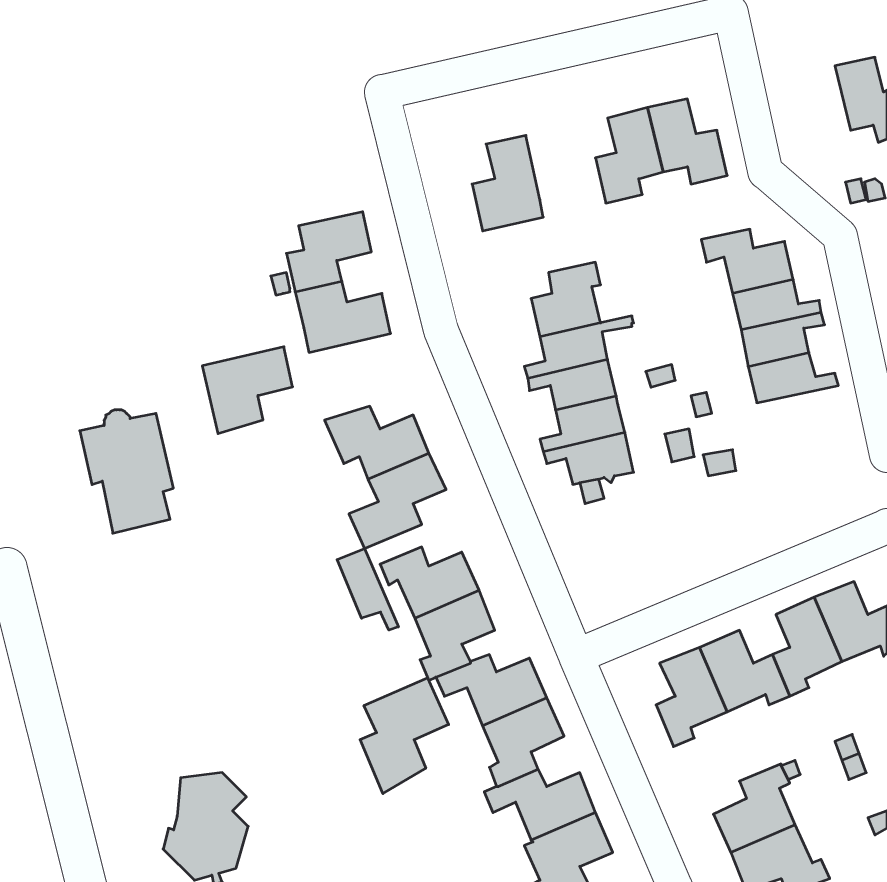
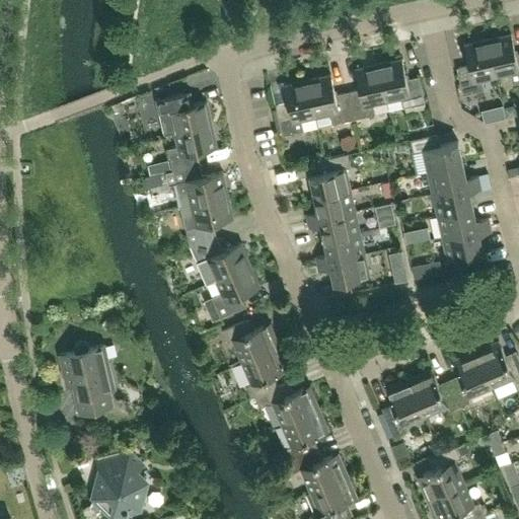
building: none -> [457,42,497,97]
building: none -> [307,77,354,127]
building: none -> [156,93,212,137]
building: [202,347,293,434] -> [180,198,233,248]
building: none -> [442,228,492,262]
building: [80,410,173,533] -> [60,345,115,417]
building: [337,549,398,630] -> none
building: [360,678,449,794] -> none

